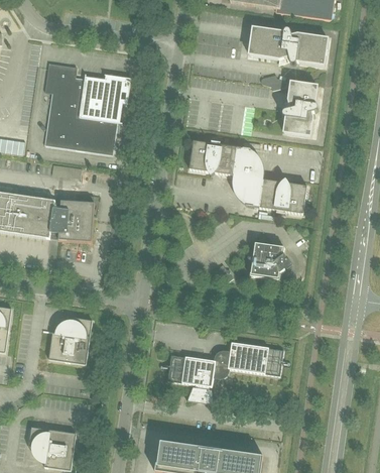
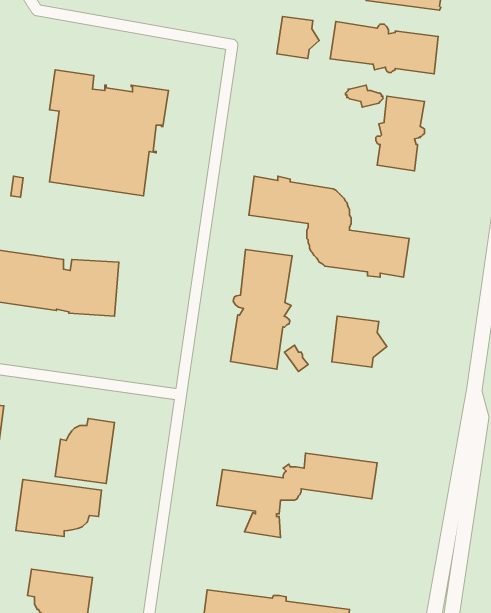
building: none -> [277,16,319,58]
building: none -> [231,249,292,369]
building: none -> [16,479,101,537]

